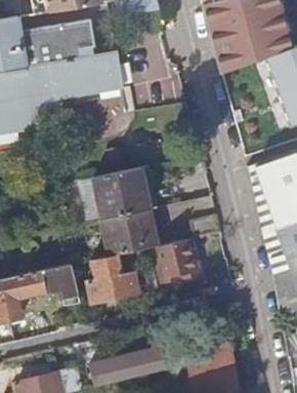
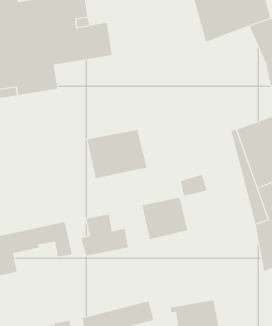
building: [103,208,158,256] -> none

